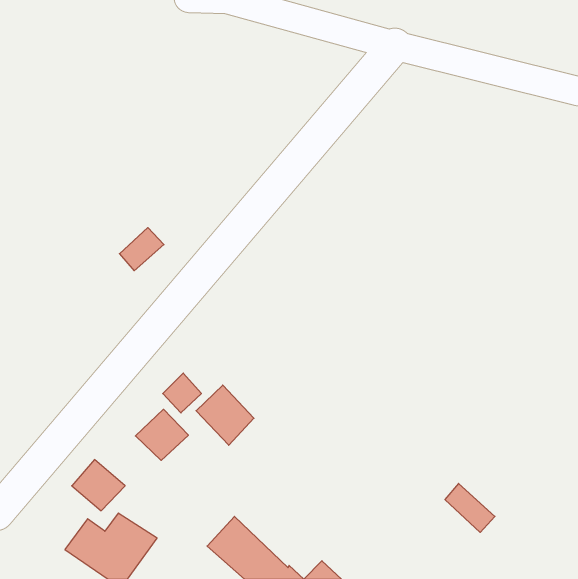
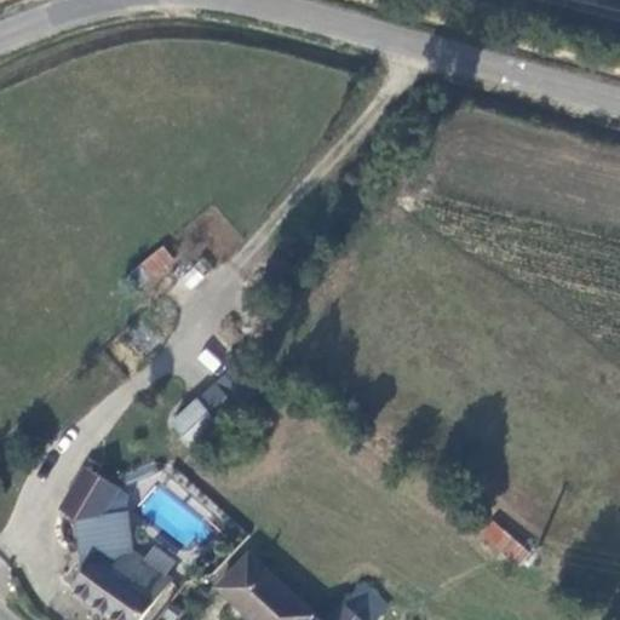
building: [196,385,254,445] -> none
building: [135,409,188,460] -> none

